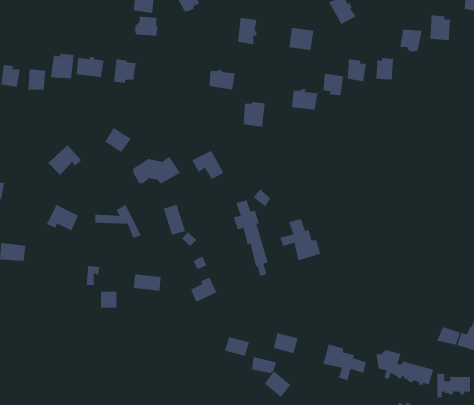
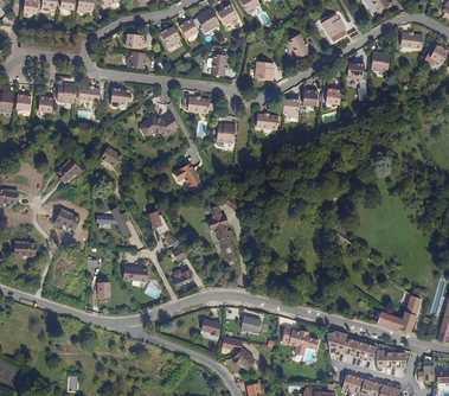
building: [132,156,181,184] -> [140,114,180,138]
building: [280,218,321,261] -> none

